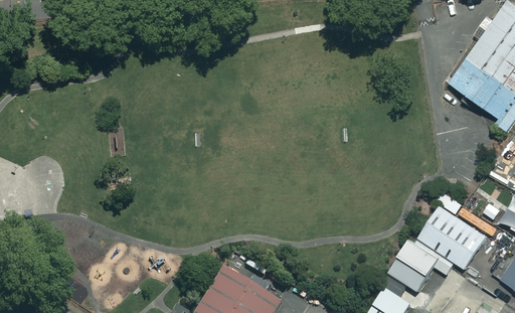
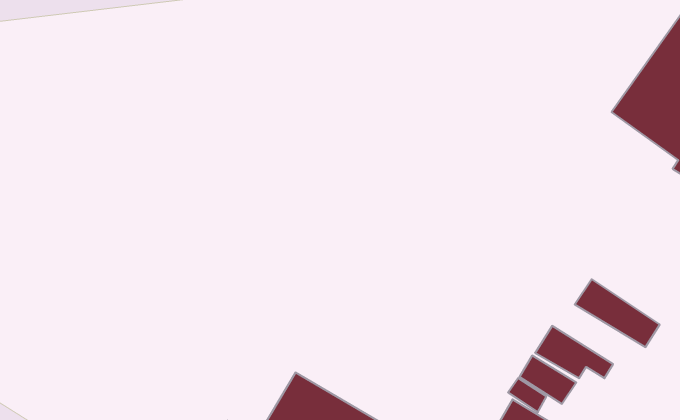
building: [416,220,477,266] -> none

